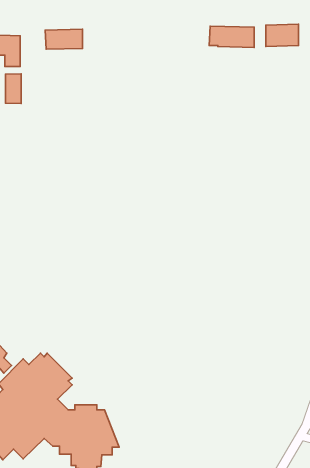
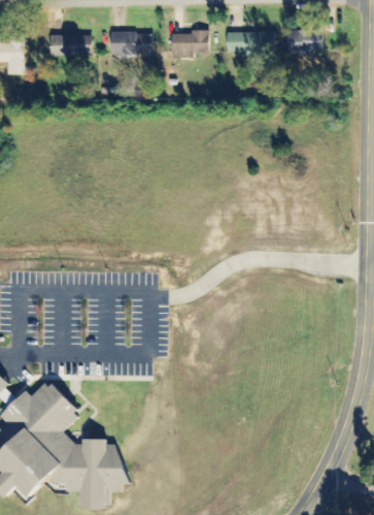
building: none -> [172,32,208,59]
building: none -> [110,33,152,55]
building: [6,74,21,103] -> none

